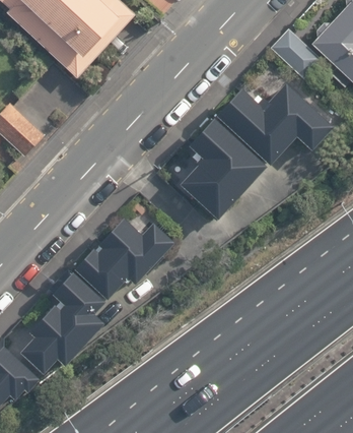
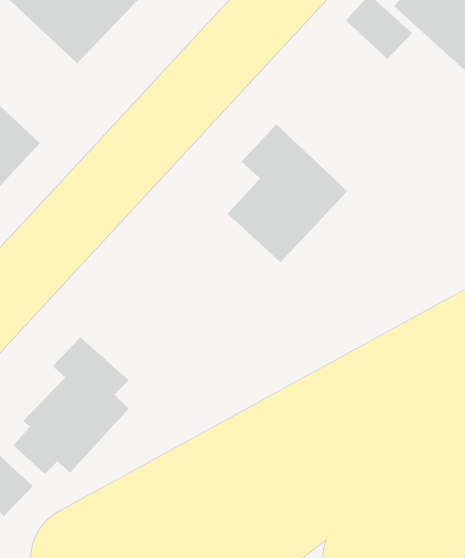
building: [221,83,338,163] -> none
building: [76,218,175,299] -> none

